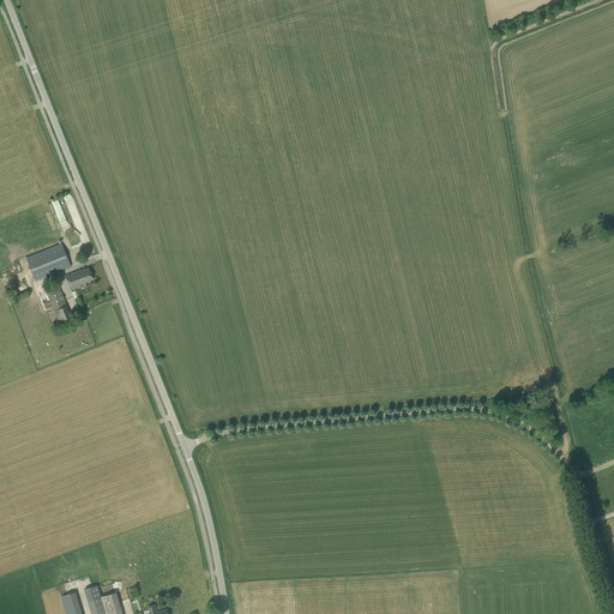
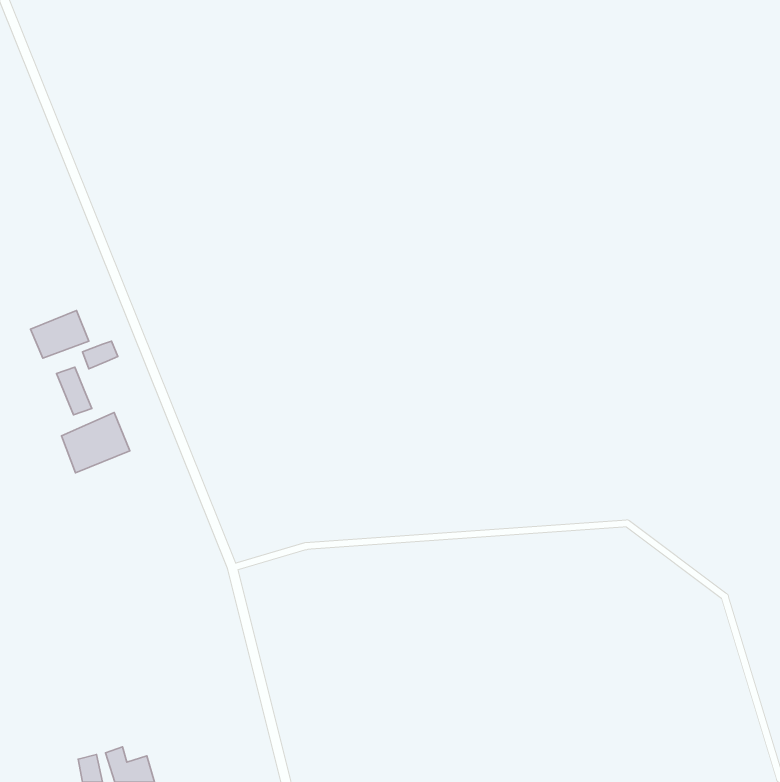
building: none -> [61,413,130,473]

